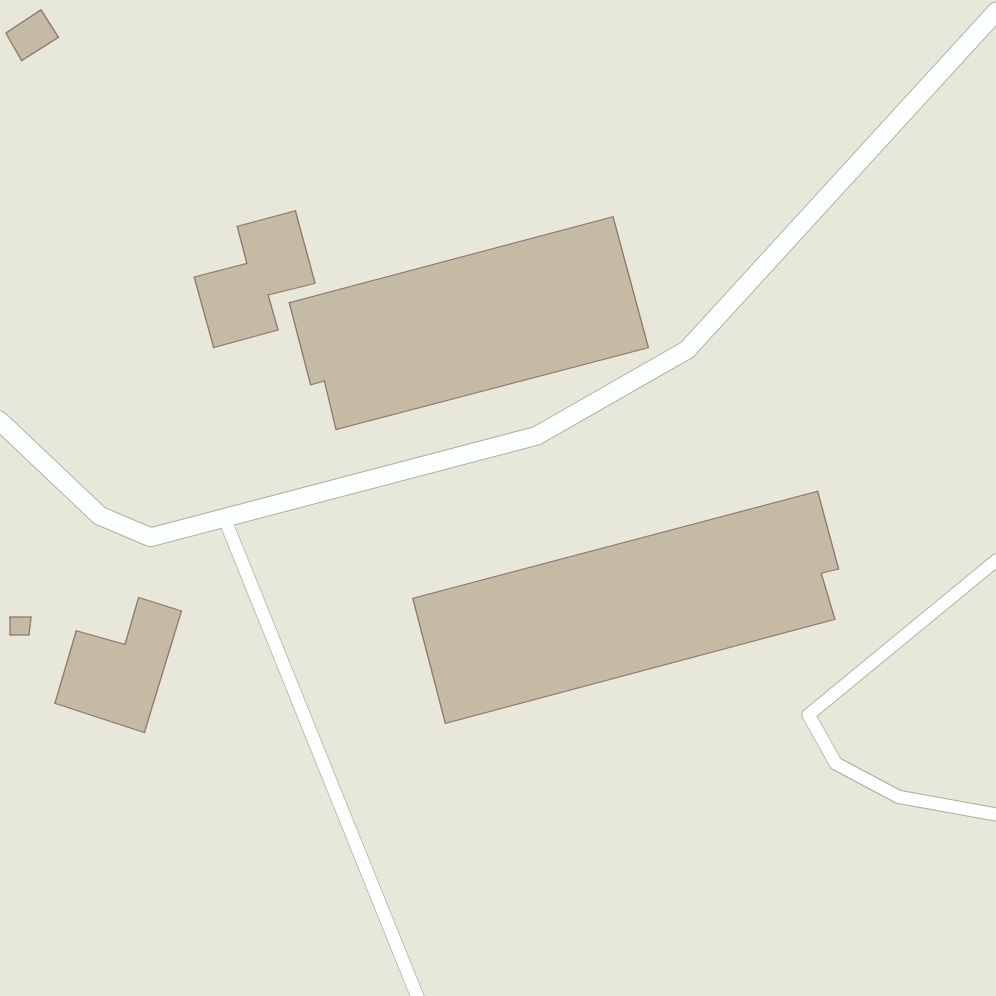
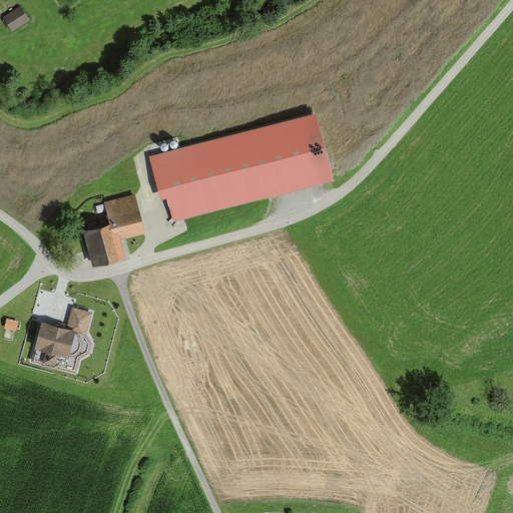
building: [194,211,315,348] -> [82,194,144,265]
building: [413,491,838,723] -> none

